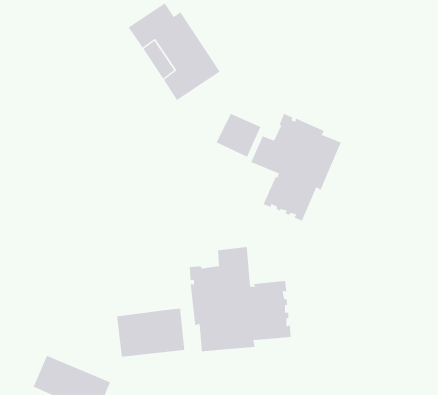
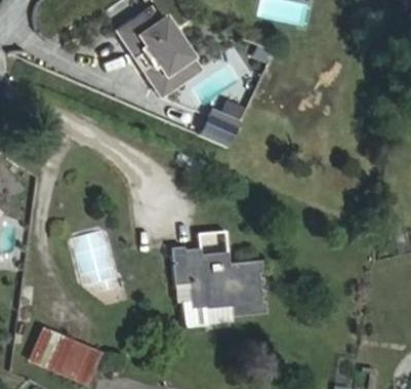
building: [251,113,341,221] -> none
building: [117,308,185,357] -> none

